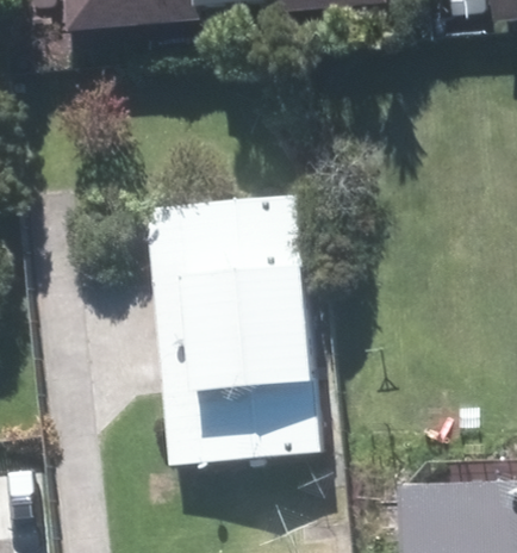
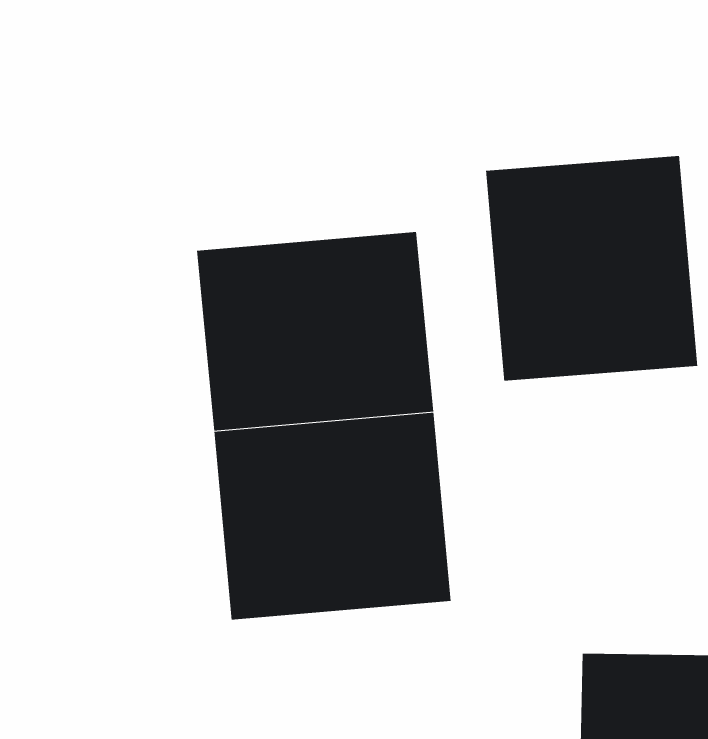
building: none -> [486,155,698,382]

